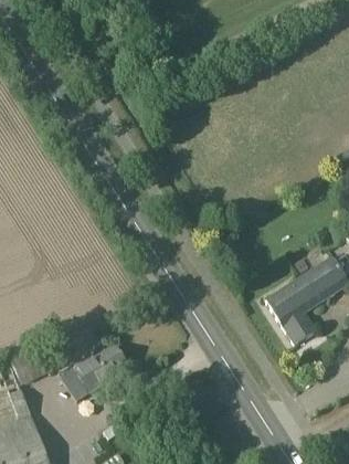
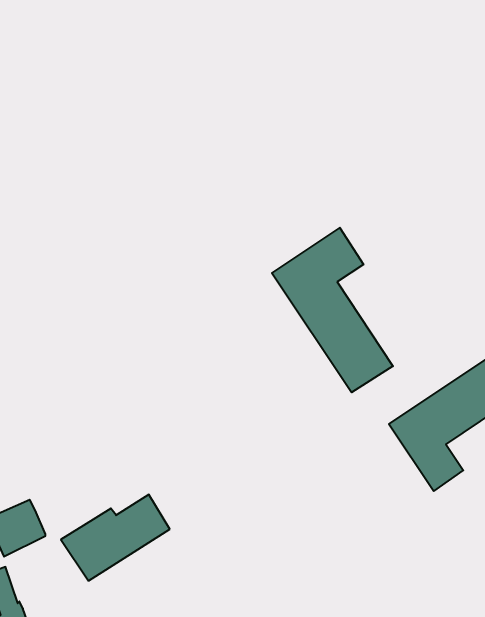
building: none -> [272,228,393,392]

